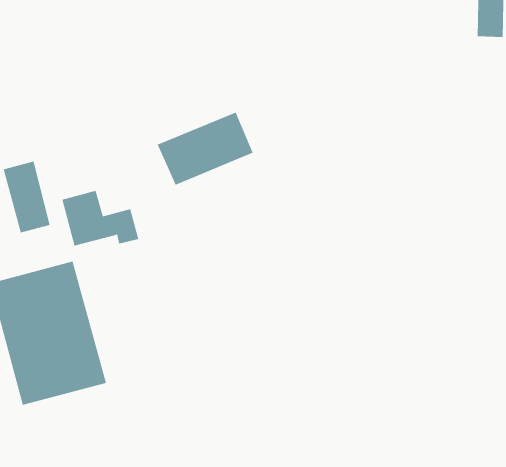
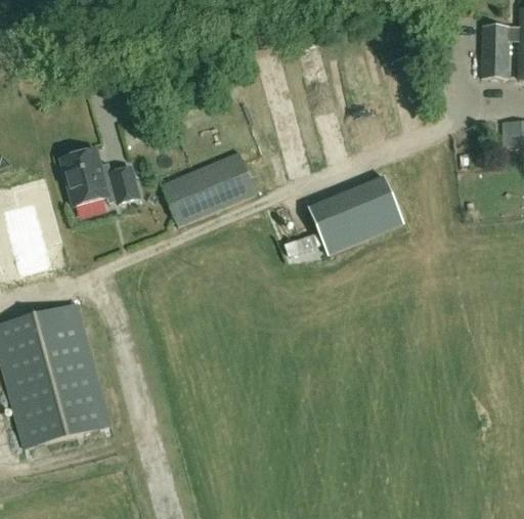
building: none -> [309,176,404,254]
building: [62,190,139,246] -> [61,149,139,206]

